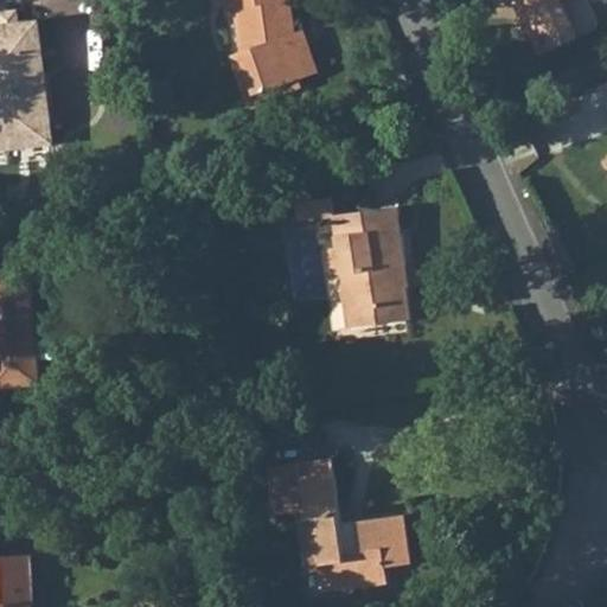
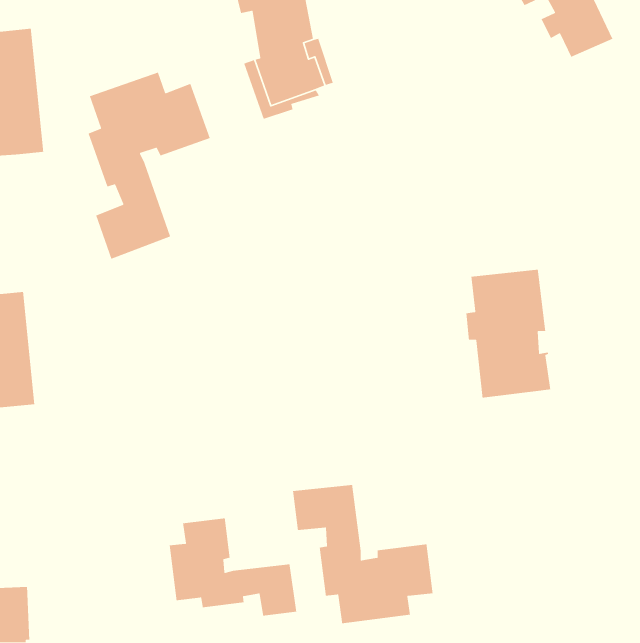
building: none -> [88,71,211,260]
building: [330,213,410,336] -> [466,269,551,399]
building: none -> [169,517,297,616]

